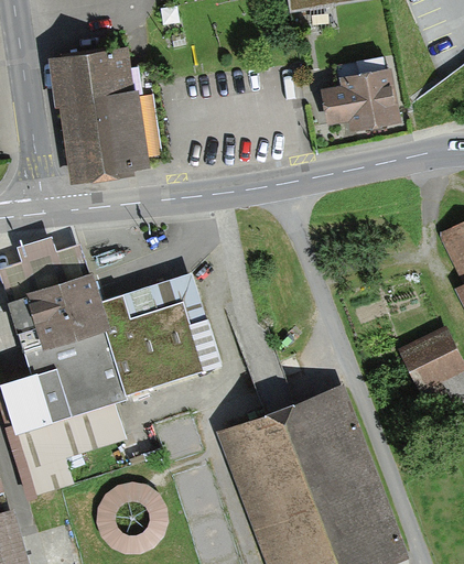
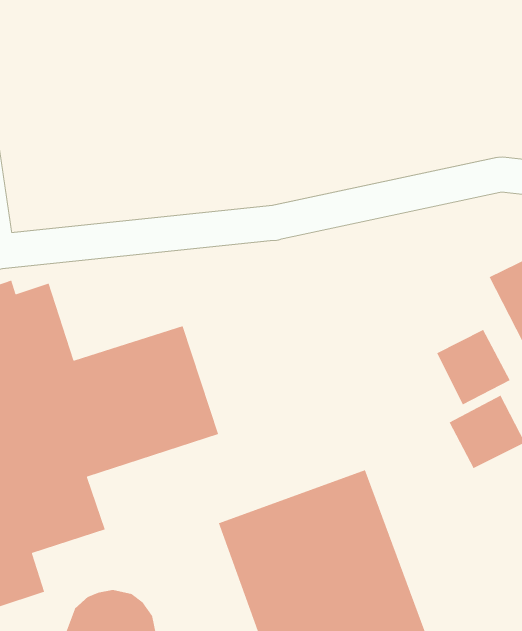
building: [55,48,159,180] -> none
building: [324,66,401,127] -> none
building: none -> [436,329,511,405]

